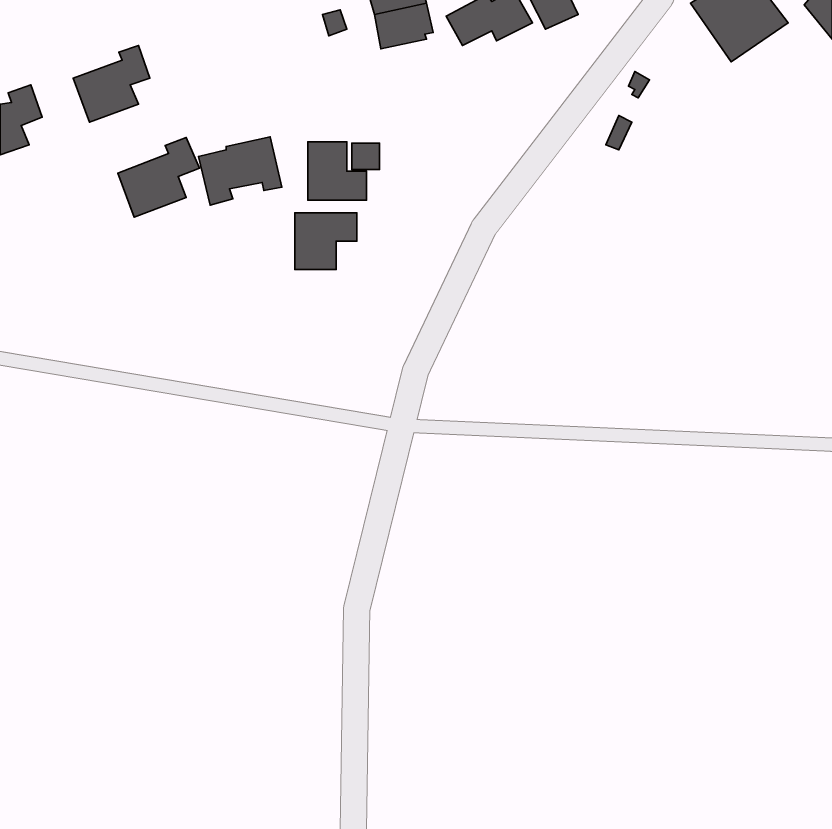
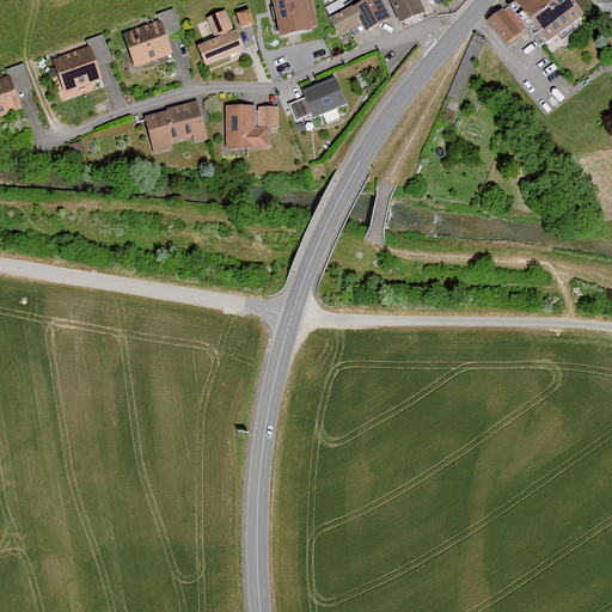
building: none -> [485,8,519,44]
building: none -> [198,10,244,62]
building: none -> [289,76,347,118]
building: [118,137,199,217] -> [122,7,182,66]
building: [295,213,357,269] -> none

